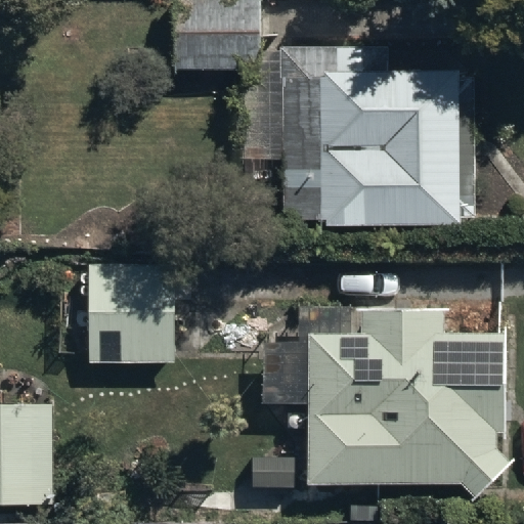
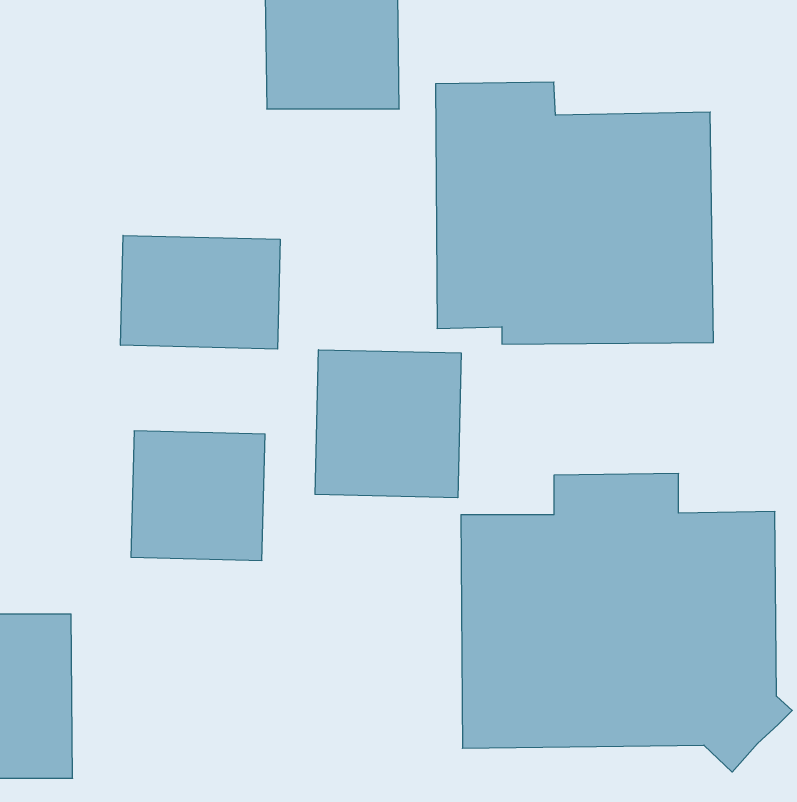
building: none -> [121,235,280,349]
building: none -> [315,350,461,498]

